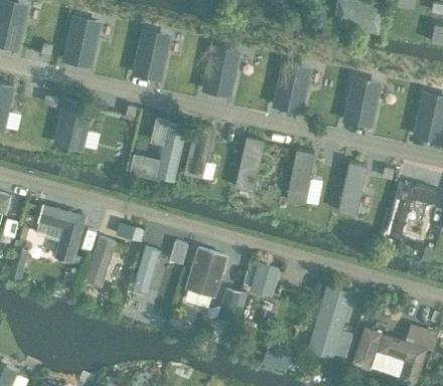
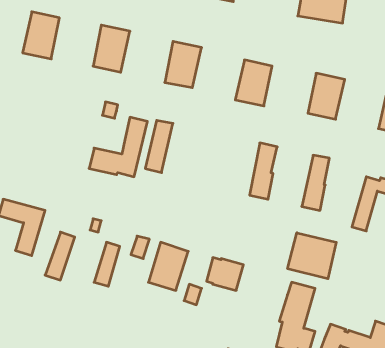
building: [56,100,93,146] -> none
building: [236,141,263,193] -> none
building: none -> [288,233,336,279]

